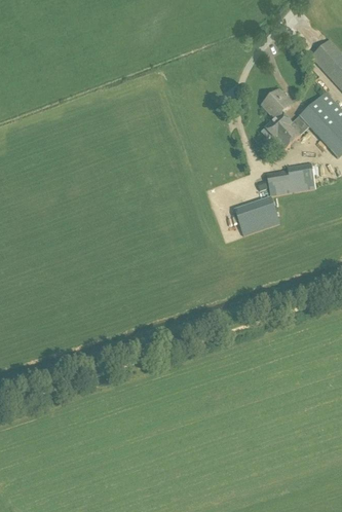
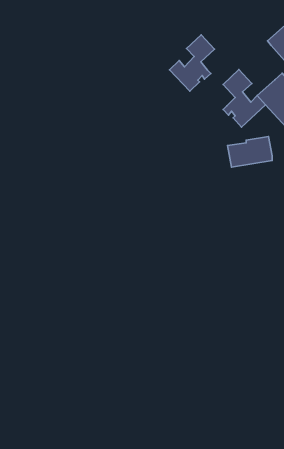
building: none -> [170,35,214,91]
building: [234,195,279,235] -> none

